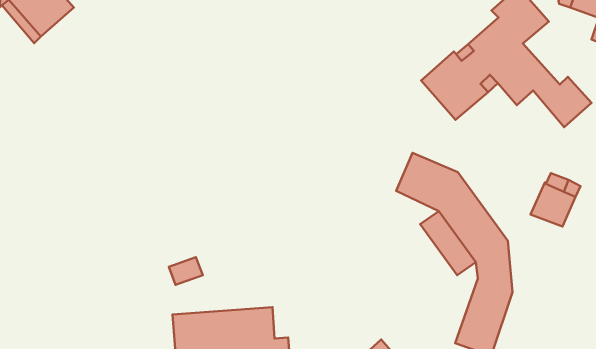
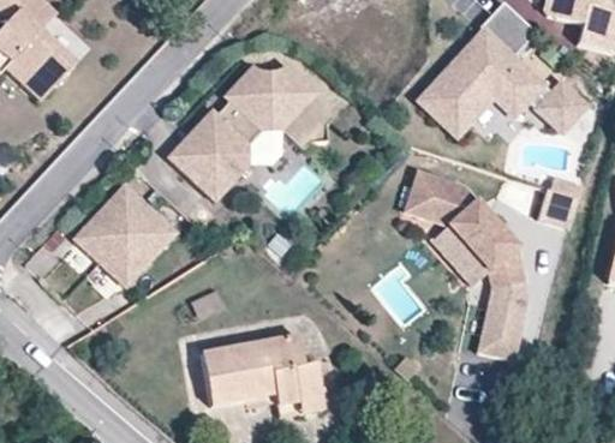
building: none -> [167,64,332,199]
building: none -> [73,182,177,286]

